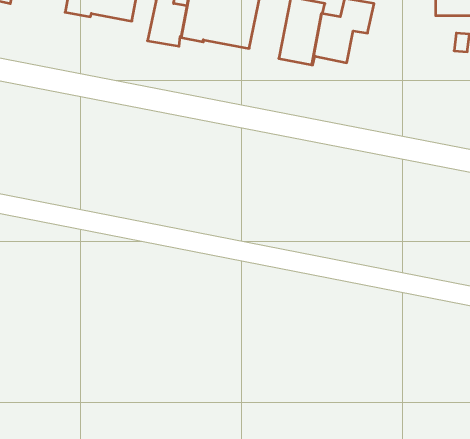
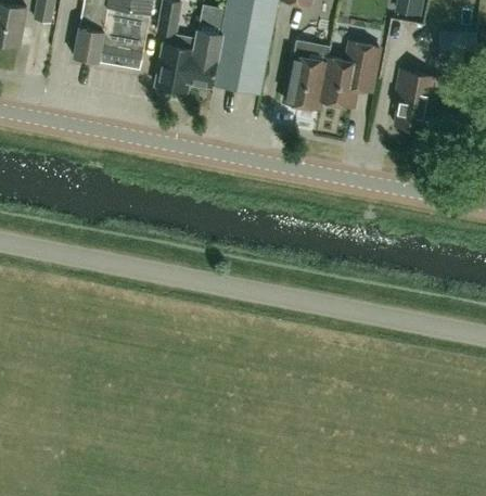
building: none -> [395,69,444,132]

